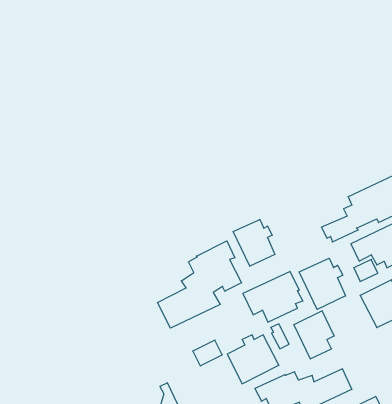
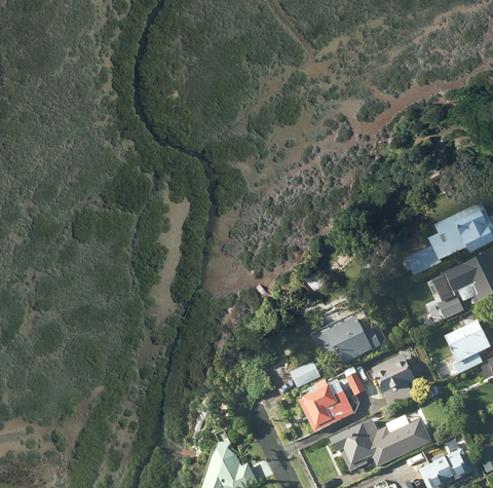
building: [233,219,275,266] -> none
building: [158,241,241,328] -> none
building: [299,258,346,309] -> none
building: [193,340,222,366] -> [289,360,321,388]

